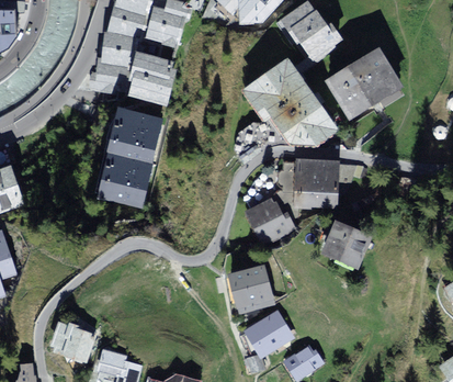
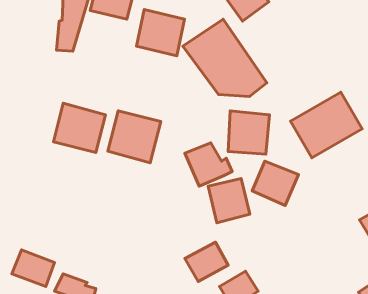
building: [320,46,401,121] -> [291,92,362,158]
building: [121,58,175,111] -> [136,10,185,56]
building: [104,106,165,166] -> [108,111,161,163]
building: [226,263,273,314] -> [208,179,250,223]

